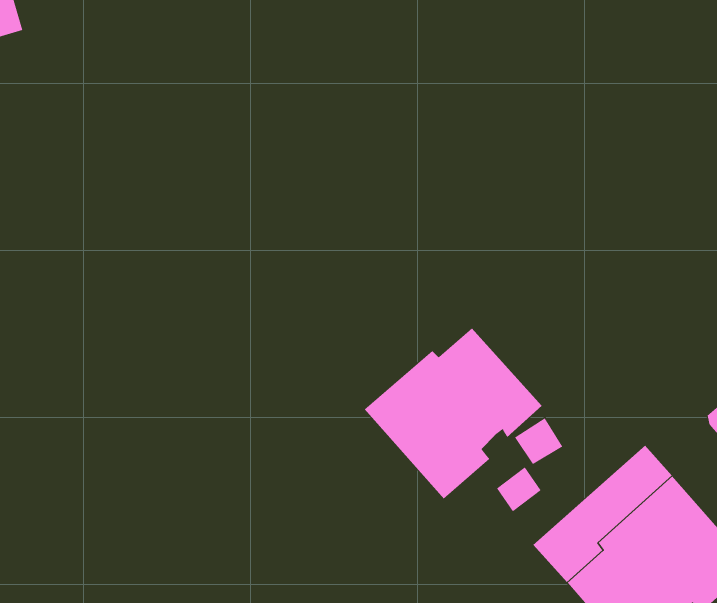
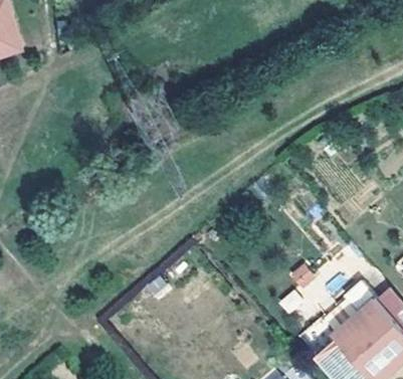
building: [364,328,543,499] -> none

